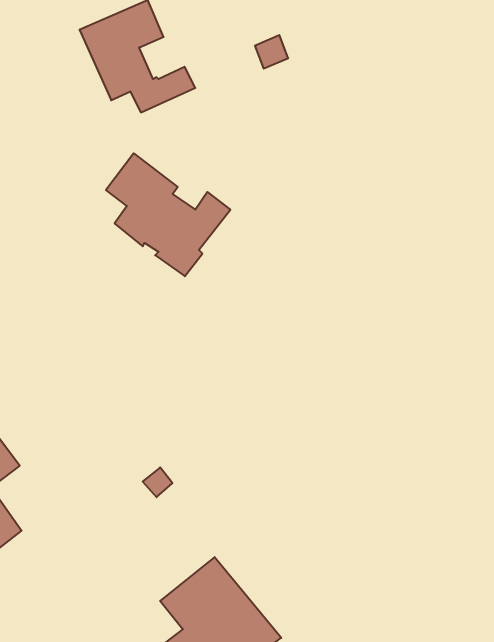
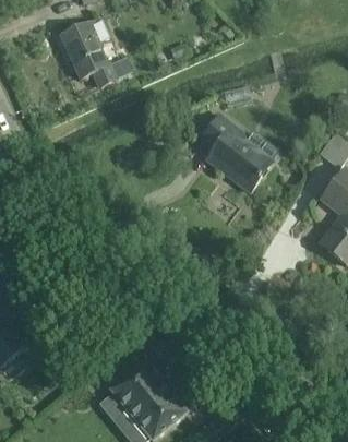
building: [106,153,230,276] -> [201,115,278,191]

